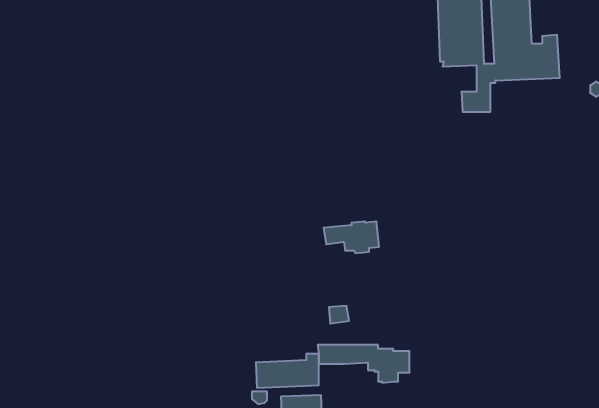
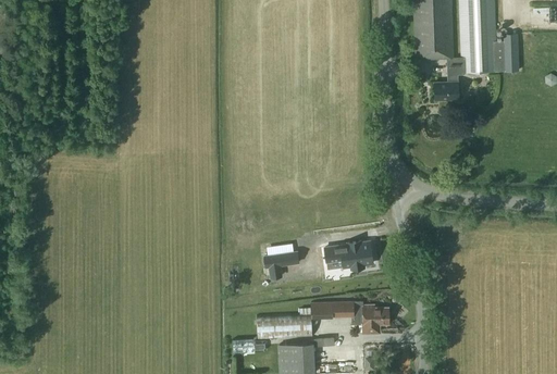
building: [324,222,379,253] -> [327,242,375,270]
building: none -> [262,247,296,272]

